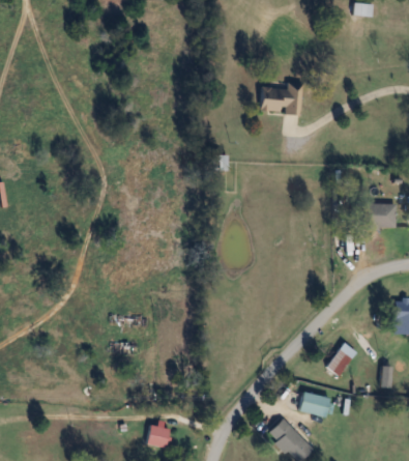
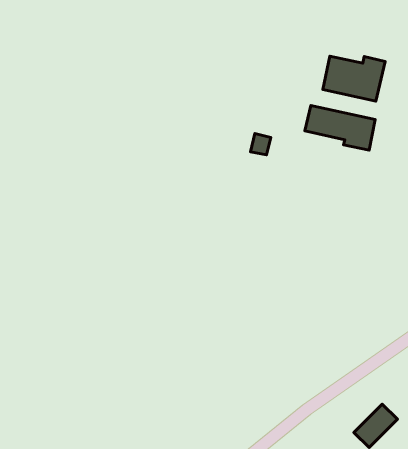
building: none -> [305,105,375,150]

